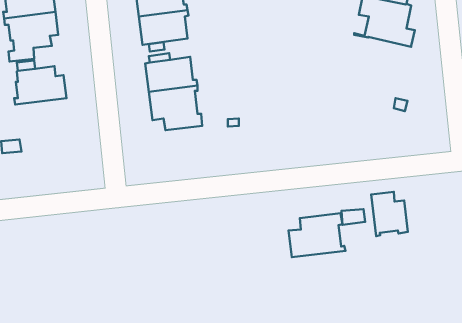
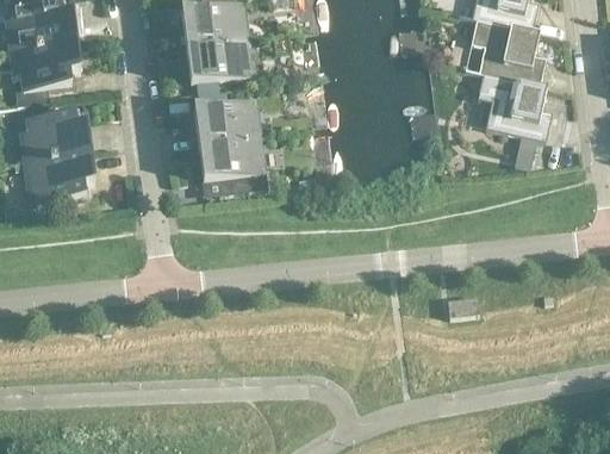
building: none -> [472,68,550,136]
building: none -> [24,148,94,198]
building: [371,192,408,236] -> none
building: [289,213,346,257] -> none

